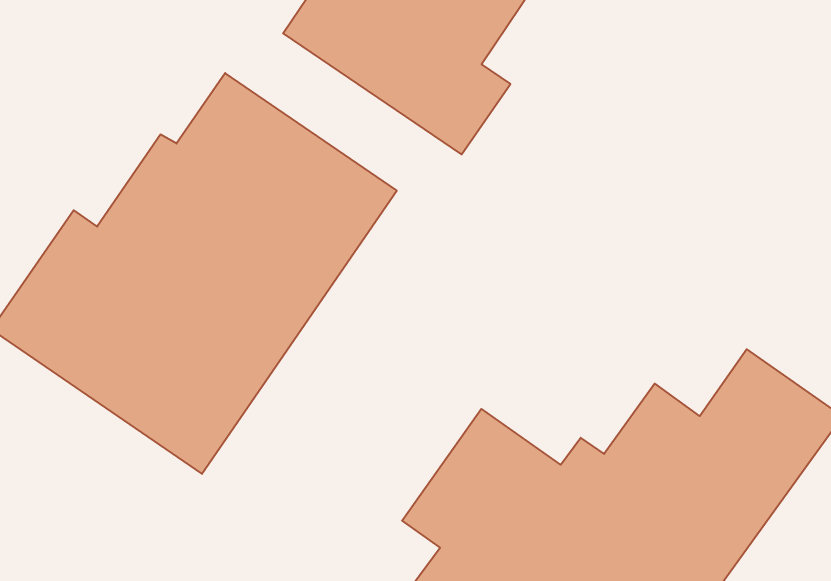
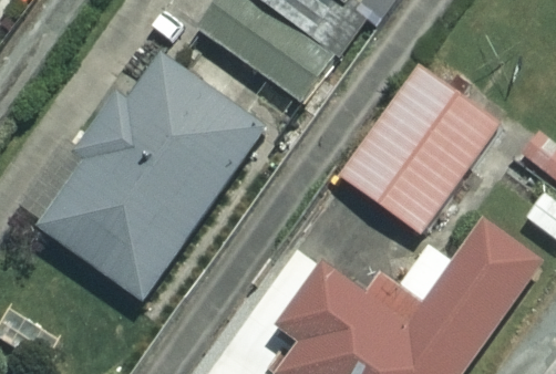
building: none -> [333,64,498,235]

